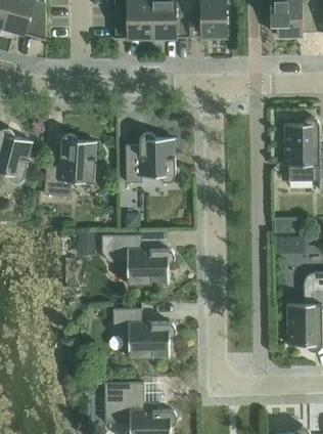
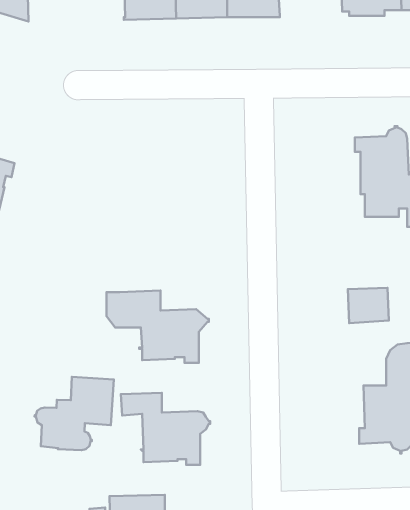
building: [126,131,178,183] -> none
building: [44,132,100,196] -> none
building: none -> [35,377,114,450]

